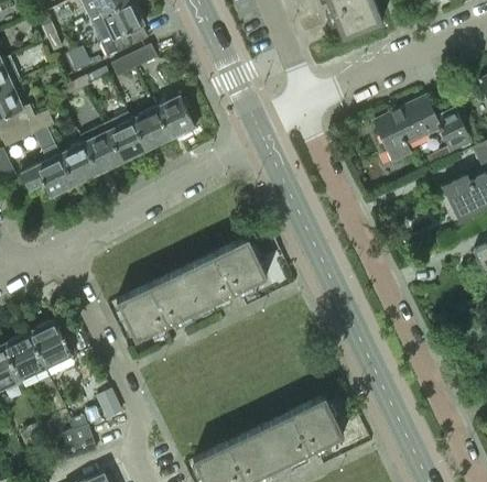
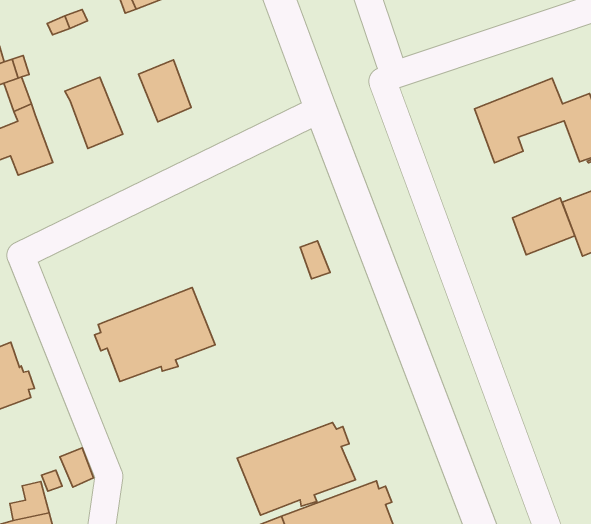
building: [154,96,195,140] -> none
building: [102,112,147,163] -> none
building: [58,142,98,187] -> none
building: none -> [513,198,575,255]
building: [181,238,267,308] -> [237,423,356,515]

